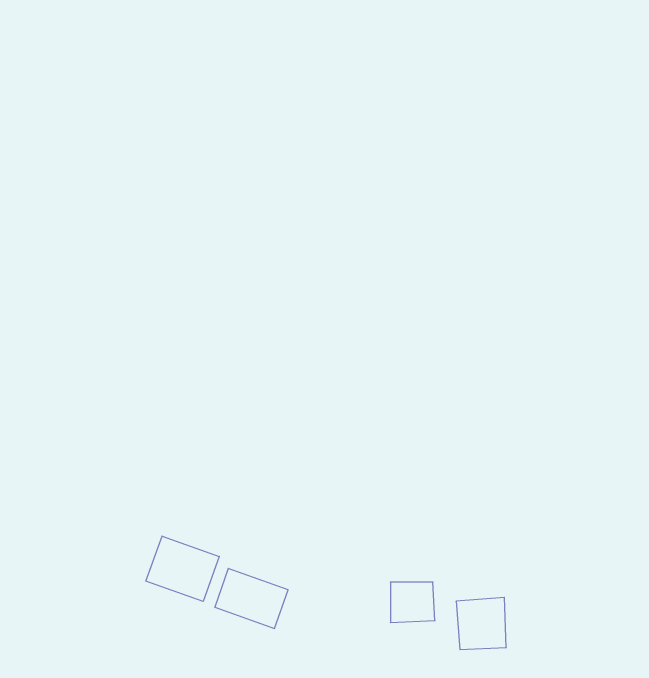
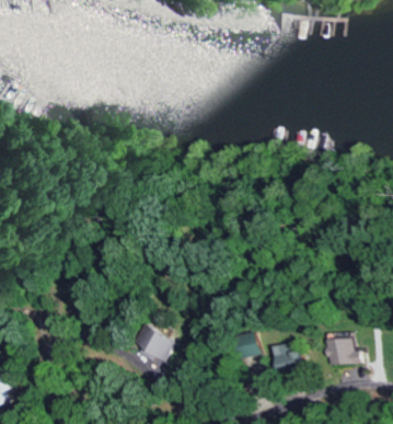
building: [146,536,219,601] -> none
building: none -> [328,337,362,365]

